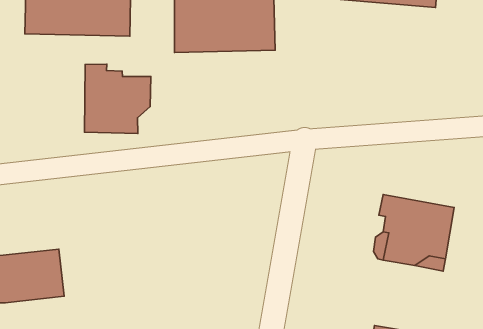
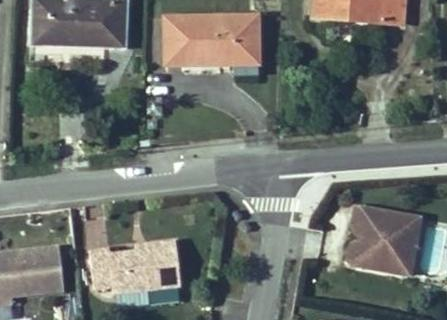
building: [85,64,151,133] -> none
building: none -> [89,242,180,293]

